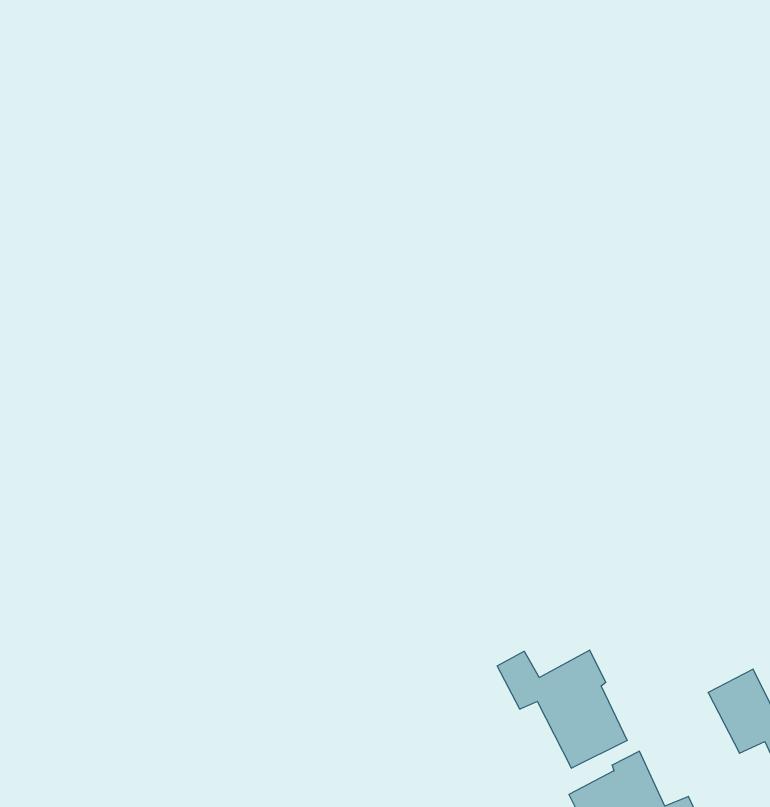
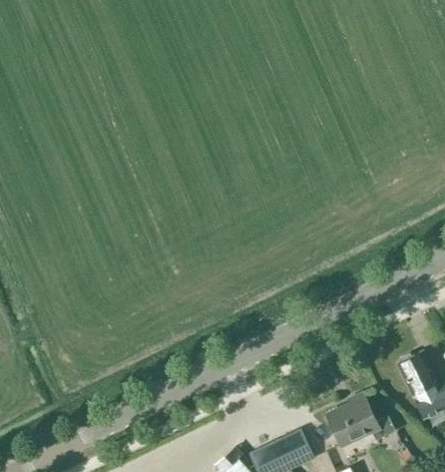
building: [497,650,627,768] -> none

